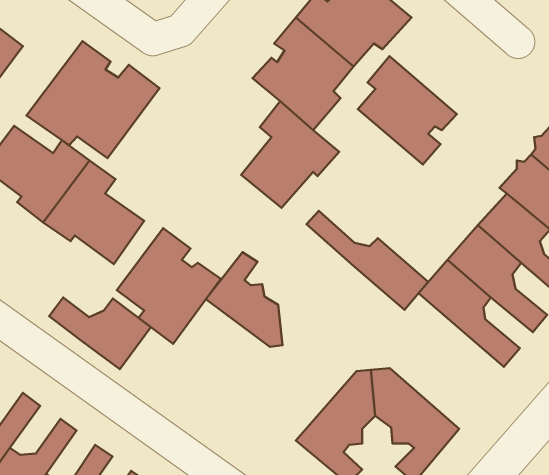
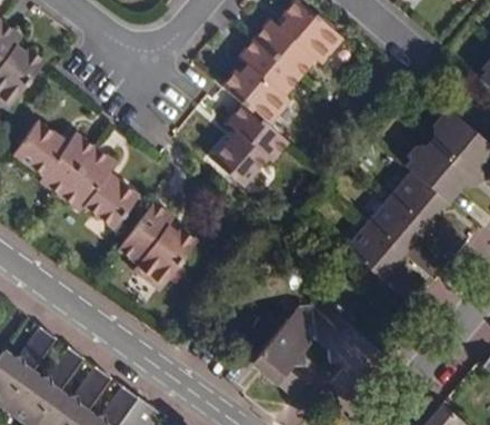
building: [26,41,159,158] -> none
building: [358,56,457,164] -> none
building: [307,211,428,310] -> none
building: [206,252,283,347] -> none
building: [49,297,151,369] -> none

